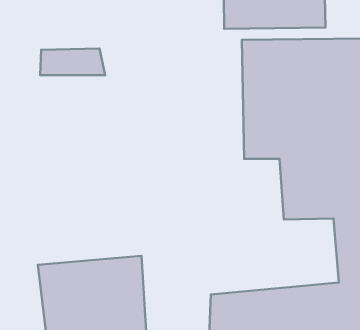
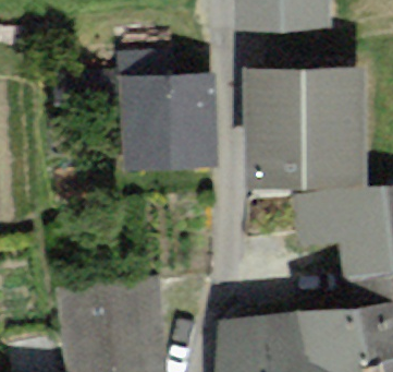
building: none -> [123,72,216,167]

